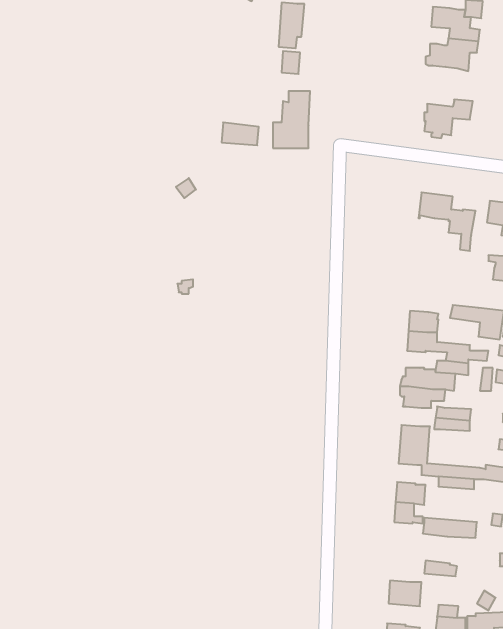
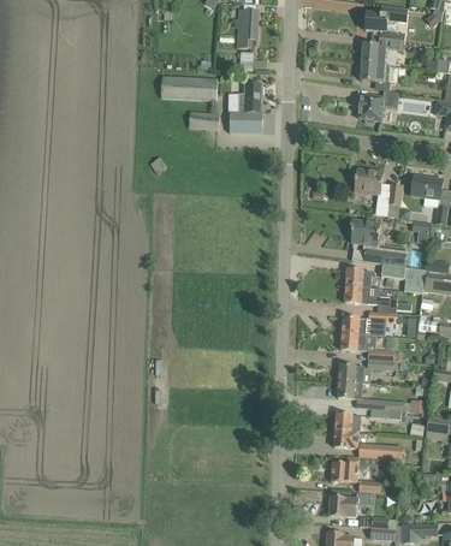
building: none -> [358,61,398,82]
building: none -> [160,75,218,100]
building: none -> [349,219,407,266]
building: none -> [331,456,358,482]

